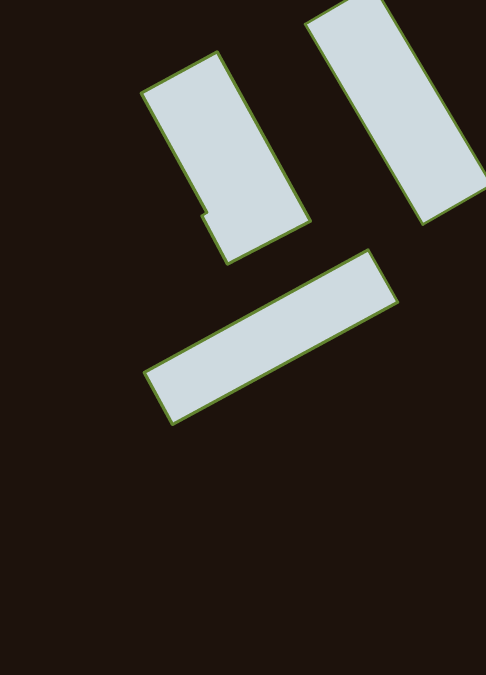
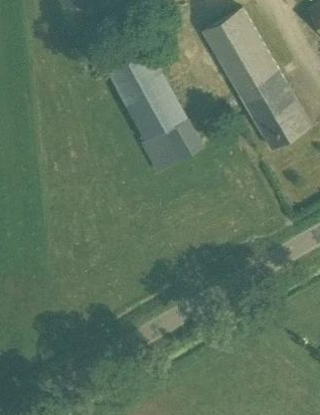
building: [144,250,398,424] -> none

